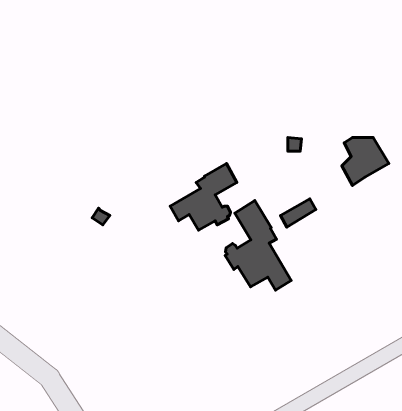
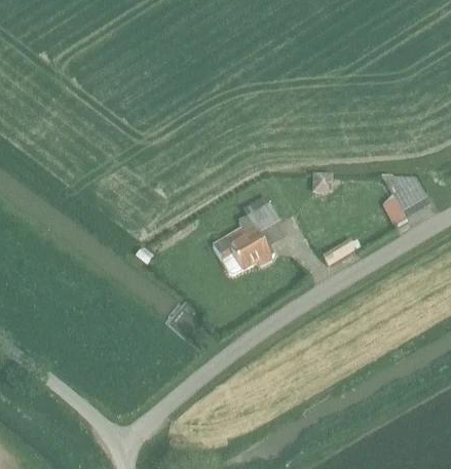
building: [225,201,291,290] -> none

